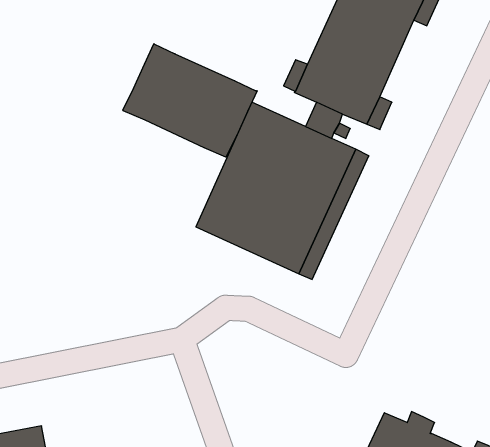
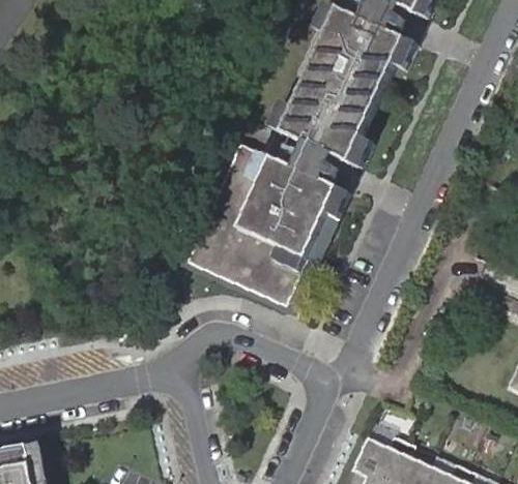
building: [123,44,257,157] -> none

